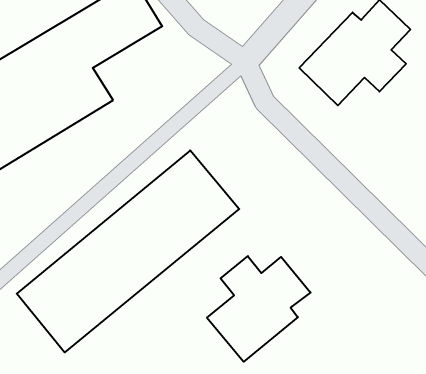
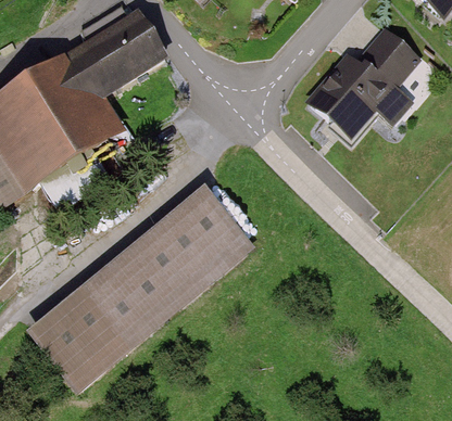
building: [207,256,311,362] -> none

